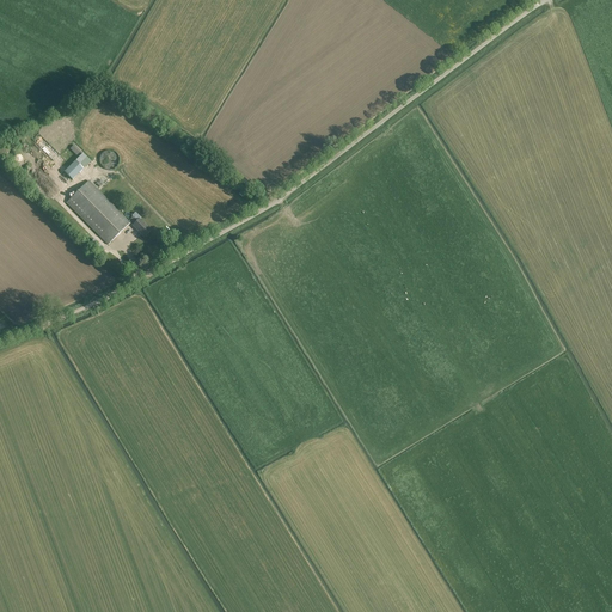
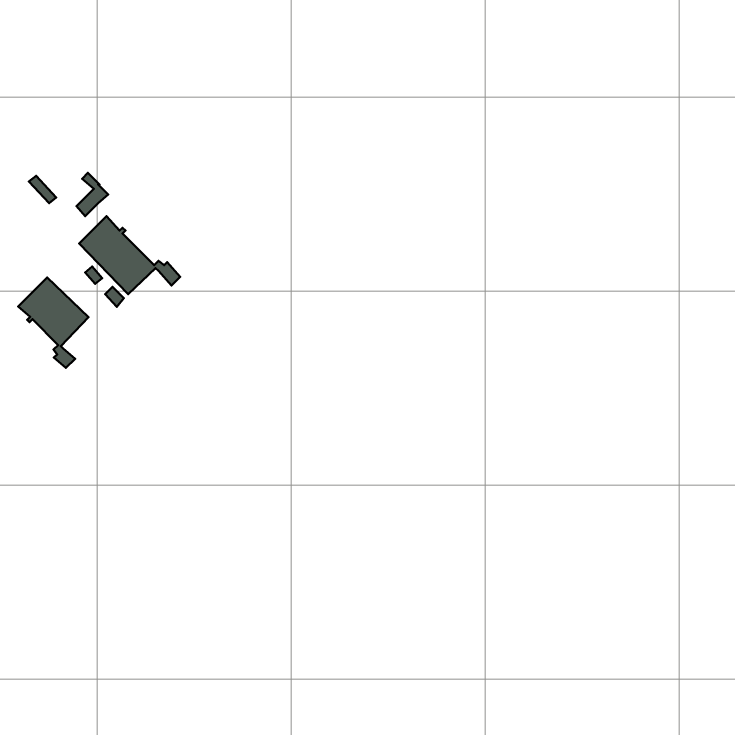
building: none -> [18,277,88,368]

